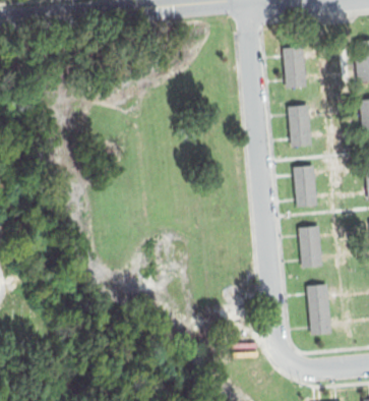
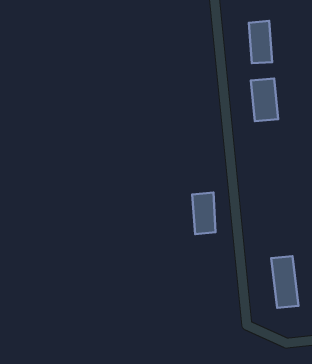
building: [292,165,318,207] -> none
building: [299,226,322,268] -> [192,192,215,234]

